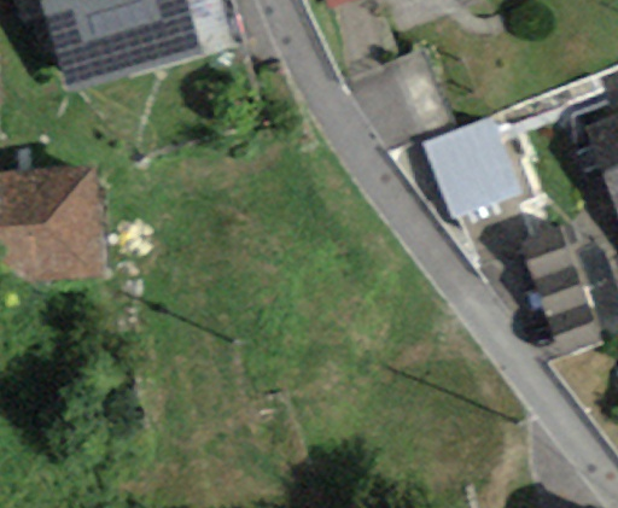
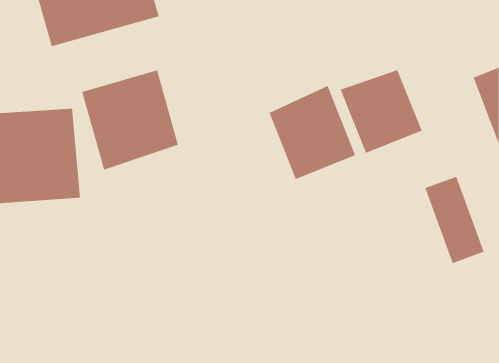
building: none -> [81,70,179,170]
building: none -> [269,85,356,180]

